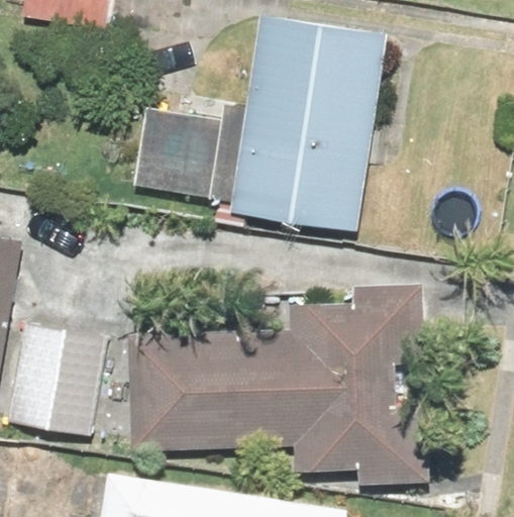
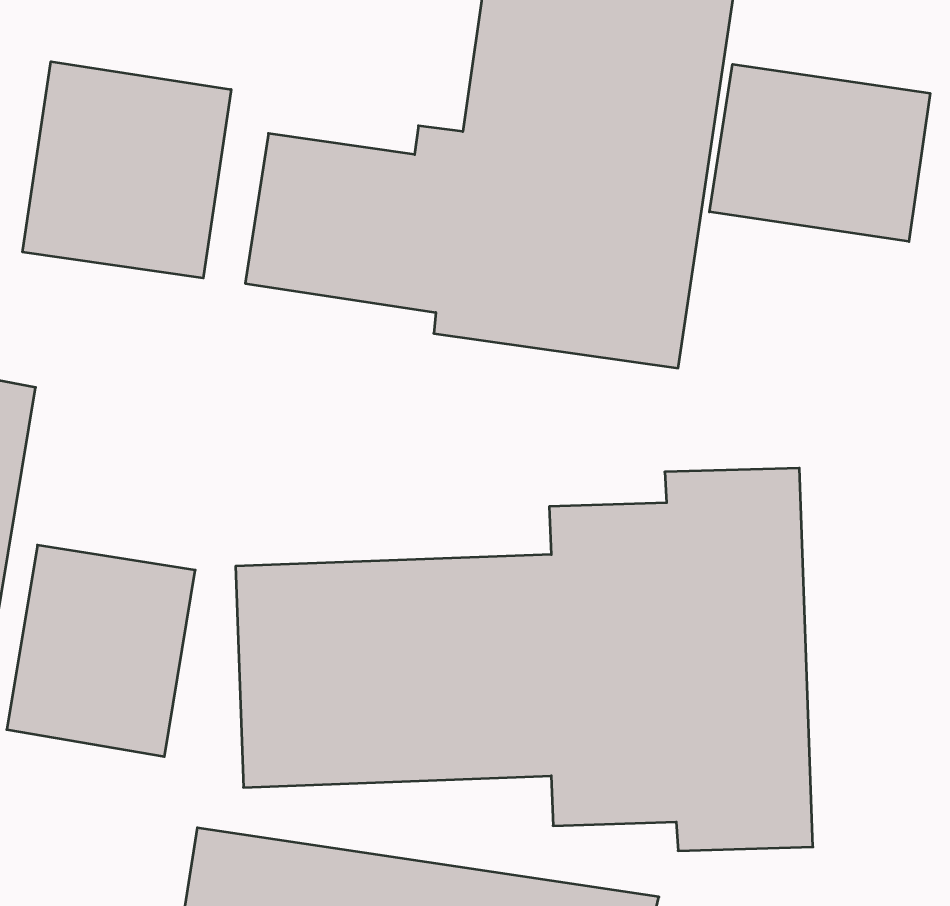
building: none -> [23,62,231,278]
building: none -> [709,64,930,242]

